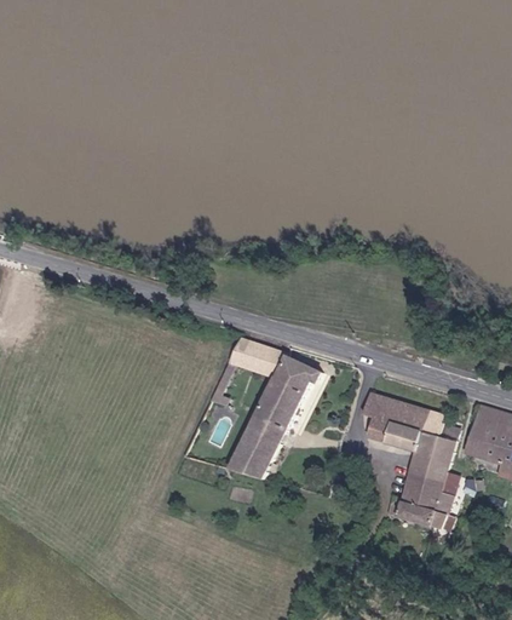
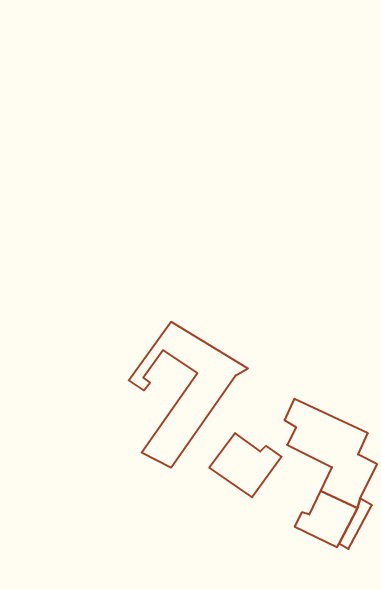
building: none -> [209,433,282,497]

